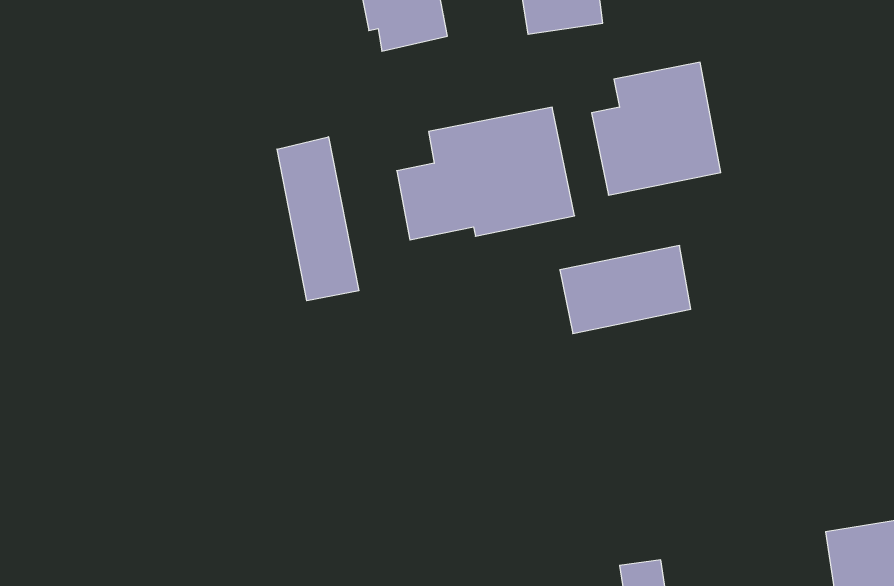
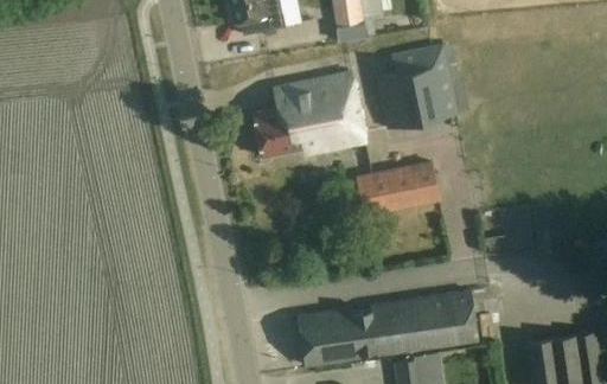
building: [277,137,359,301] -> none
building: none -> [299,290,478,366]

